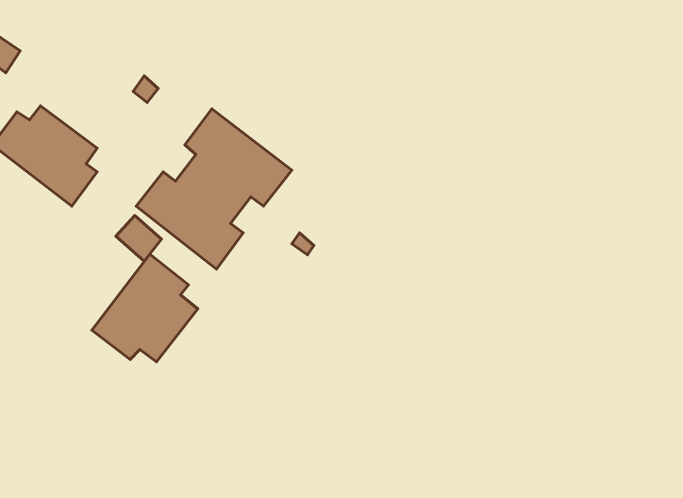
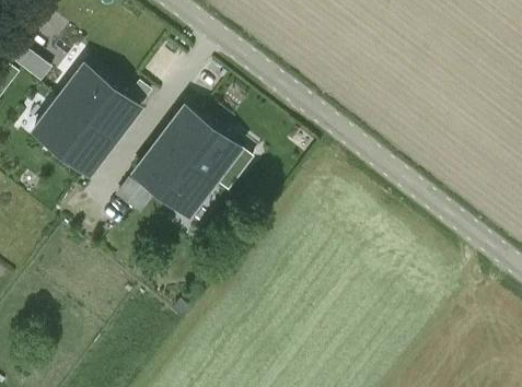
building: none -> [65,64,139,134]
building: [92,254,198,362] -> none

